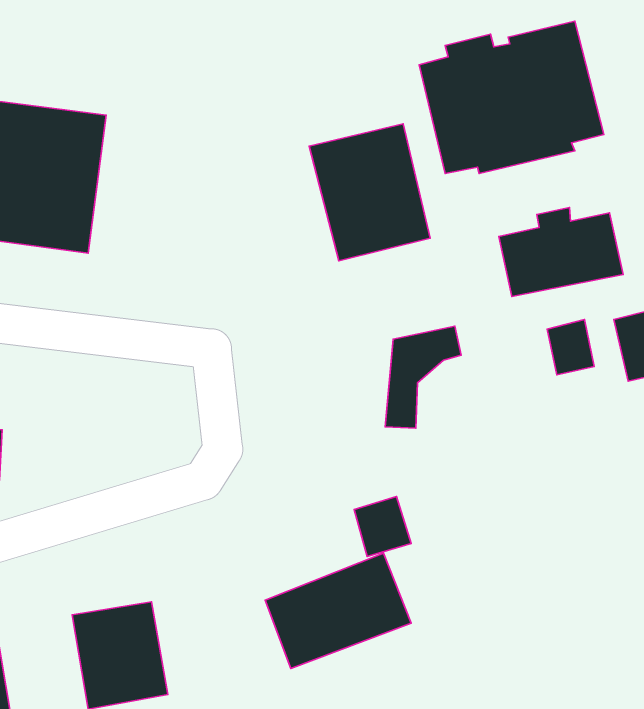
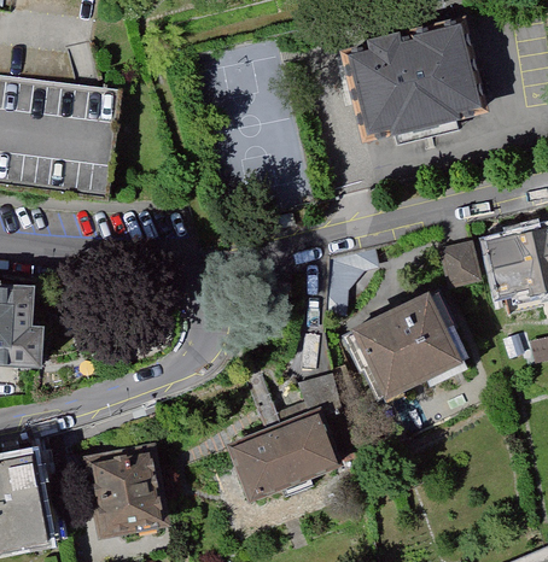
building: [309,124,430,261] -> none
building: [499,208,623,297] -> none
building: none -> [360,293,461,390]

